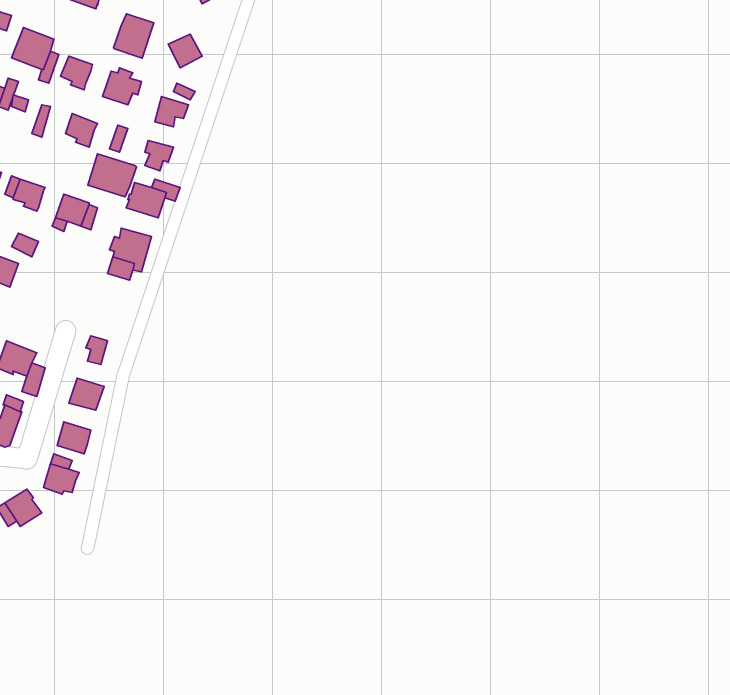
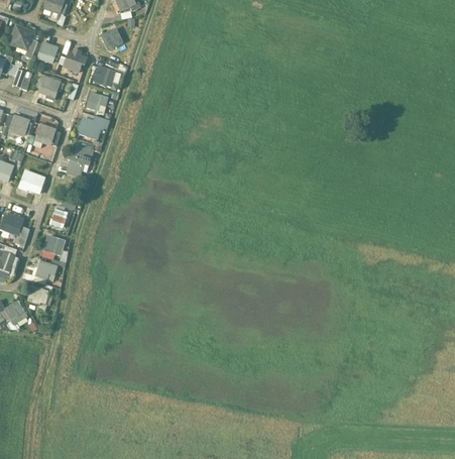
building: [114,14,154,58] -> none
building: [88,154,137,197] -> none
building: none -> [18,169,46,192]

